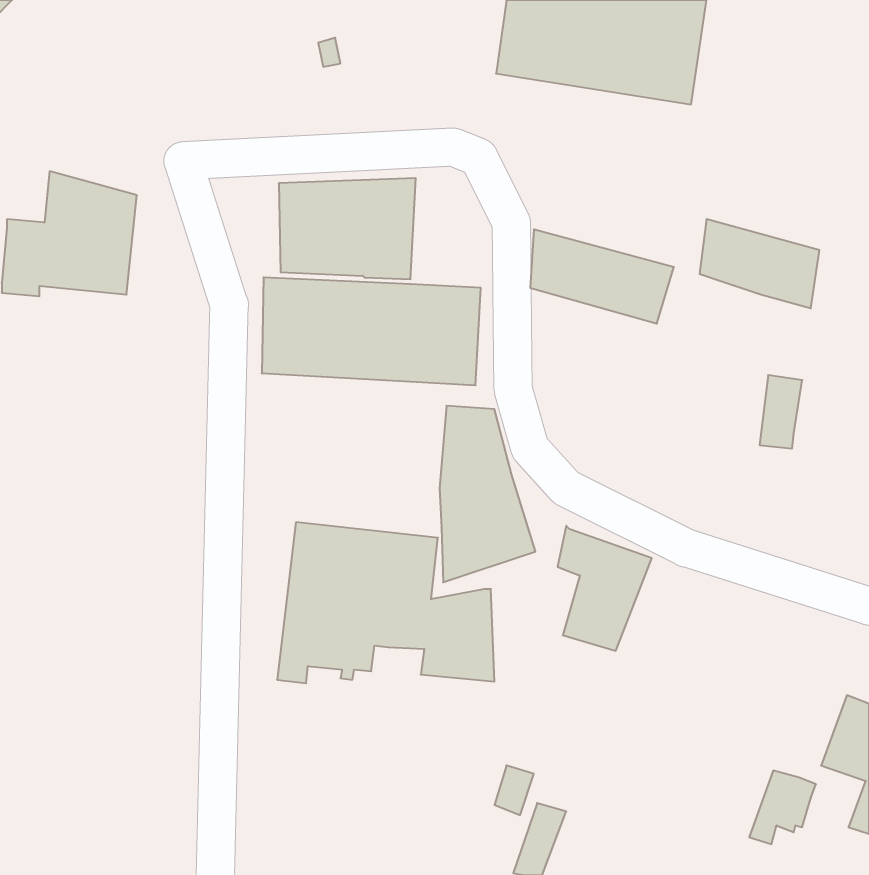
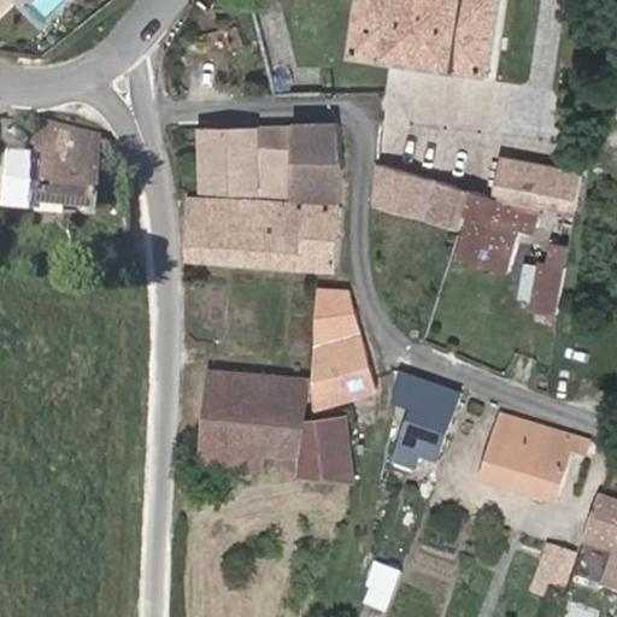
building: none -> [289,124,342,199]
building: none -> [456,188,536,266]
building: none -> [478,410,586,499]

